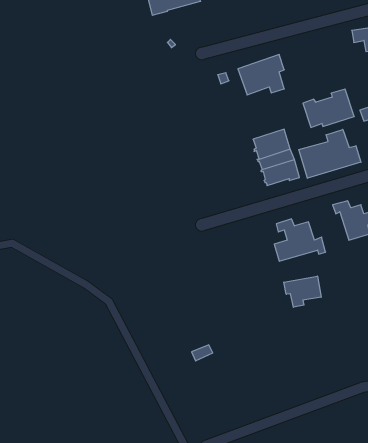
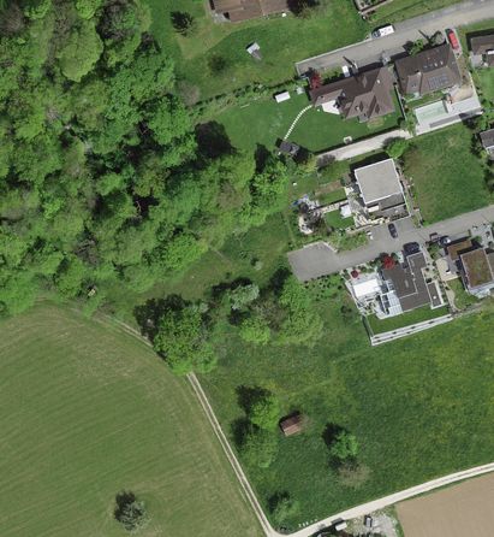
building: [303,89,354,127] -> [398,46,459,92]
building: [299,129,361,178] -> none
building: [284,276,321,307] -> none

